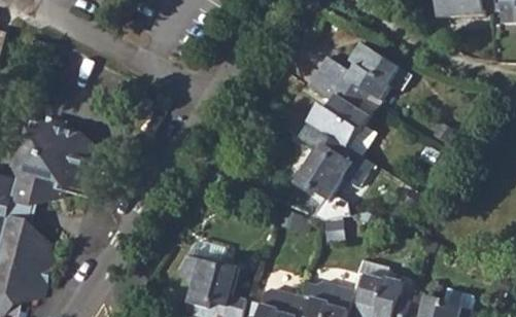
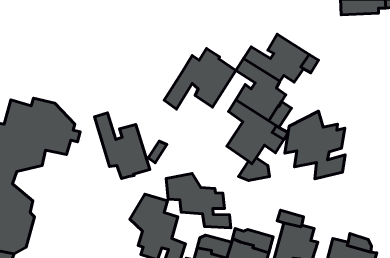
building: none -> [164,48,236,109]
building: none -> [285,111,345,179]
building: none -> [95,113,150,178]
building: none -> [166,174,231,228]

